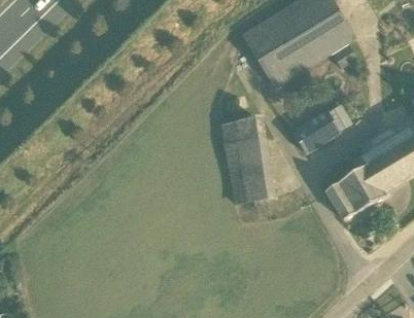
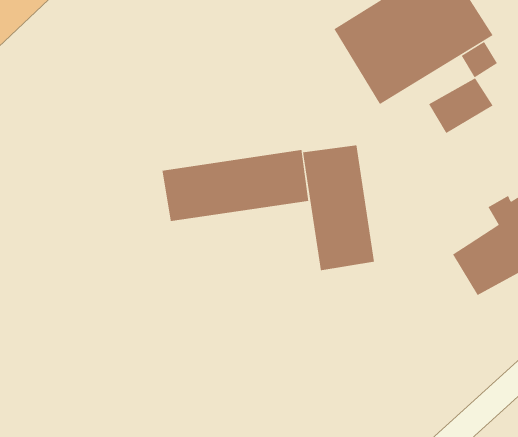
building: [295,113,340,152] -> [428,77,493,134]
building: none -> [162,149,309,222]

